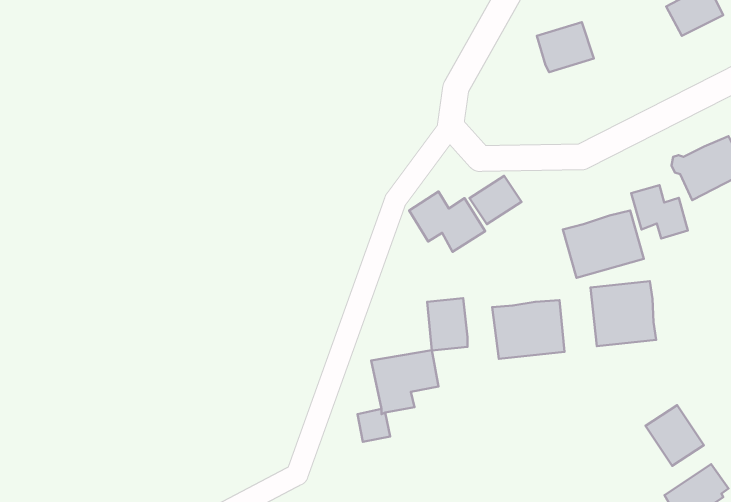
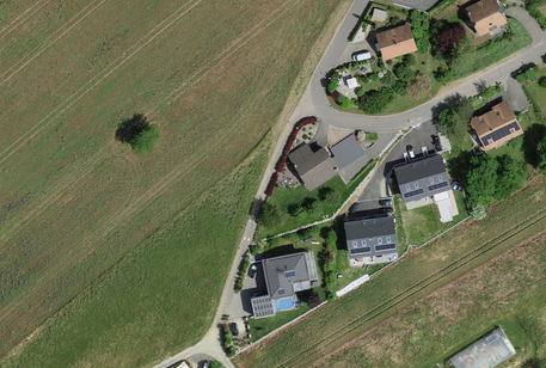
building: [631,185,688,239] -> none
building: [590,281,656,346] -> none
building: [427,298,468,351] -> none
building: [646,405,704,466] -> none

